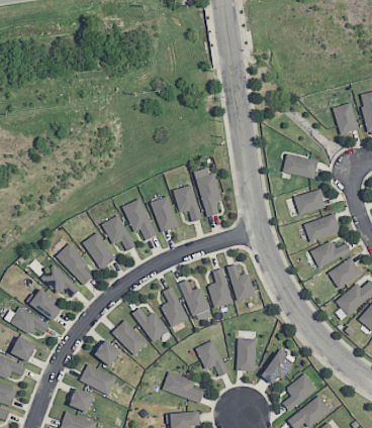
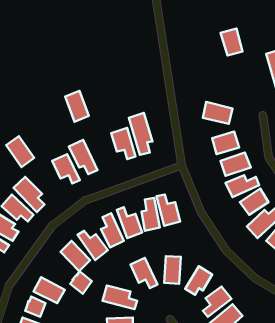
building: [332,103,358,135] -> [221,29,243,56]
building: [150,196,178,233] -> [65,91,89,122]
building: [82,232,115,270] -> [6,136,34,167]
building: [94,338,120,365] -> [70,271,92,294]

